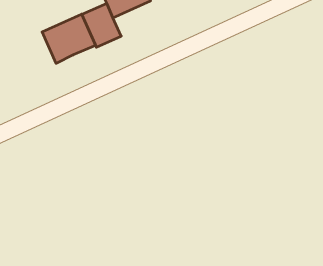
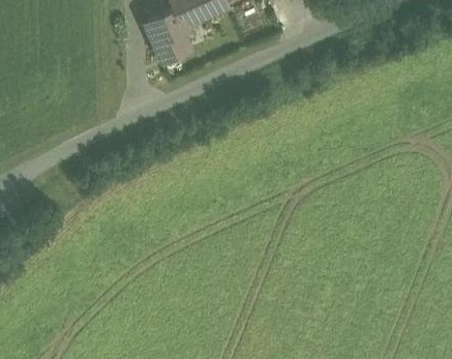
building: [42,14,96,63] -> none

